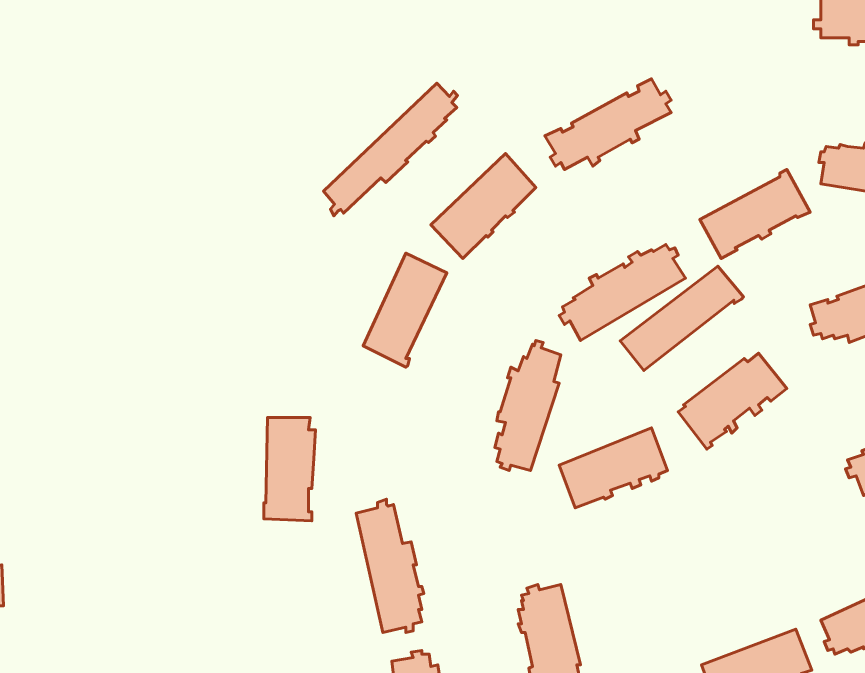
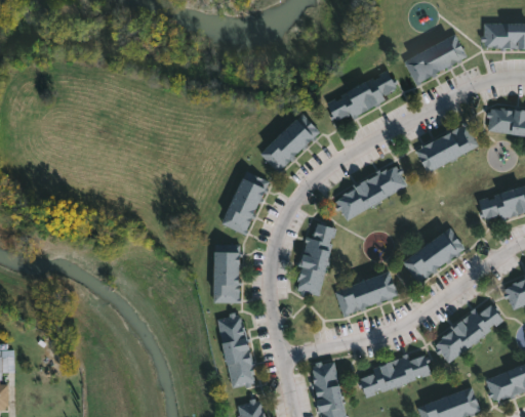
building: none -> [404,34,467,86]
building: [323,83,457,216] -> none
building: [620,266,743,371] -> none
building: [264,417,316,521] -> [213,244,243,303]
building: none -> [435,302,504,363]
building: none -> [357,353,427,398]

